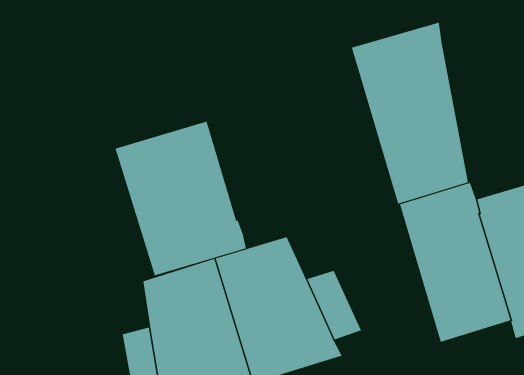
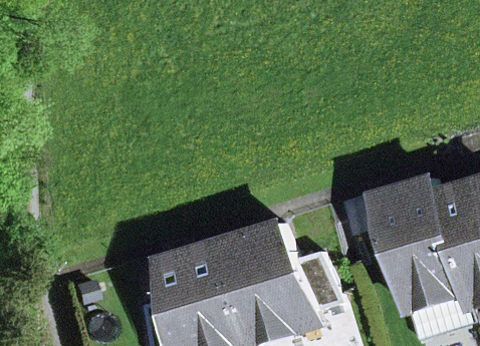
building: [351,22,469,204] -> none
building: [115,121,246,276] -> none

